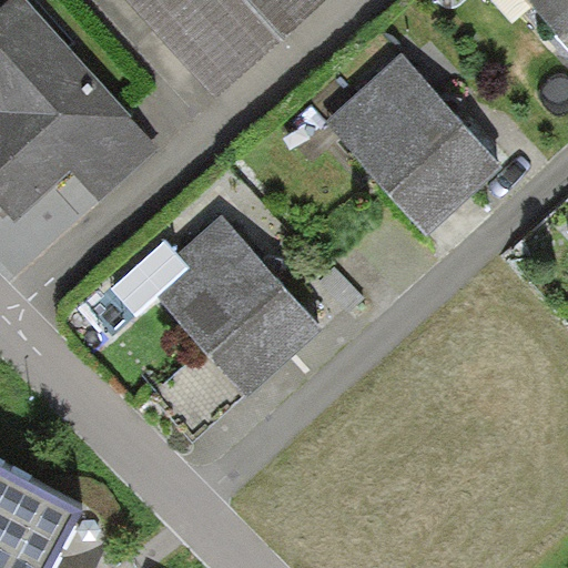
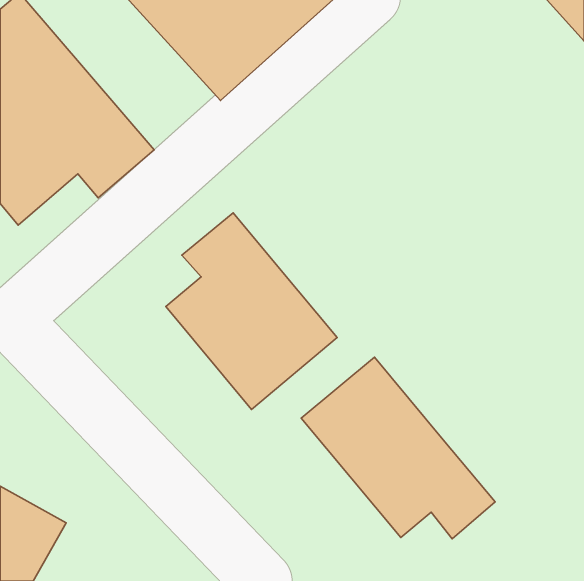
building: [322,50,504,235] -> none
building: none -> [301,357,495,539]

